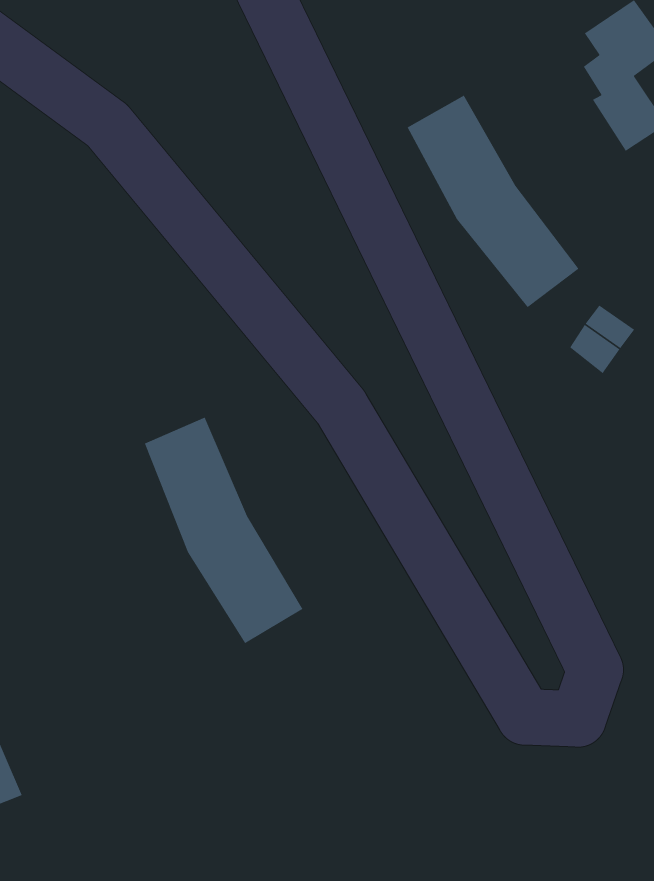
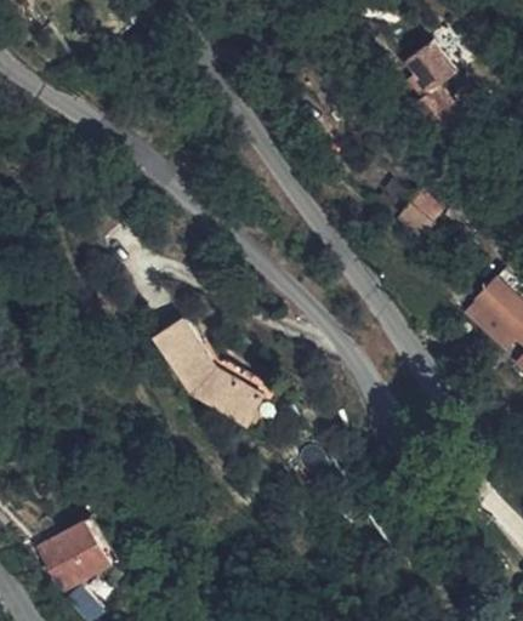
building: [407,94,579,308] -> none

